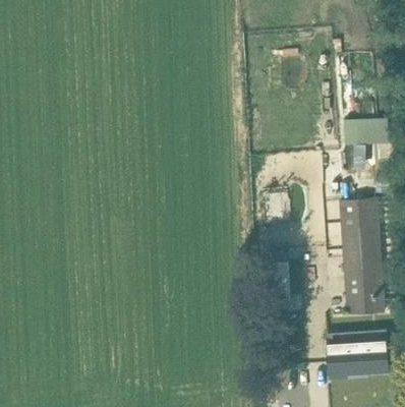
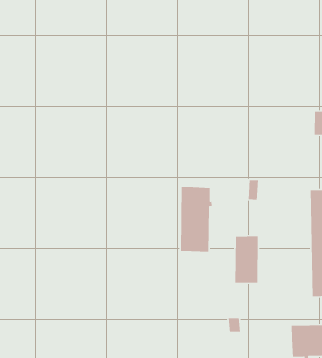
building: none -> [180,186,212,253]

